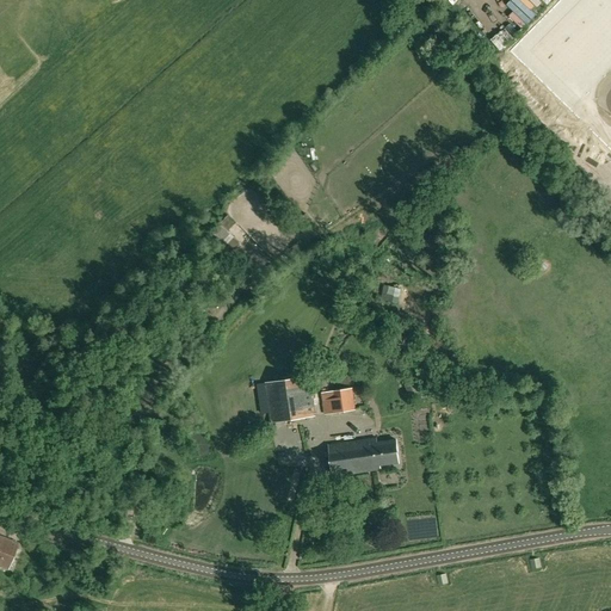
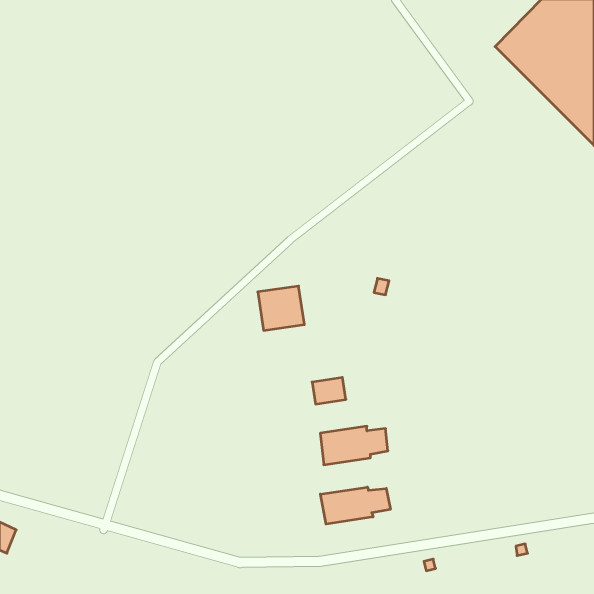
building: [264,376,311,421] -> [258,286,304,330]
building: none -> [320,487,390,524]

